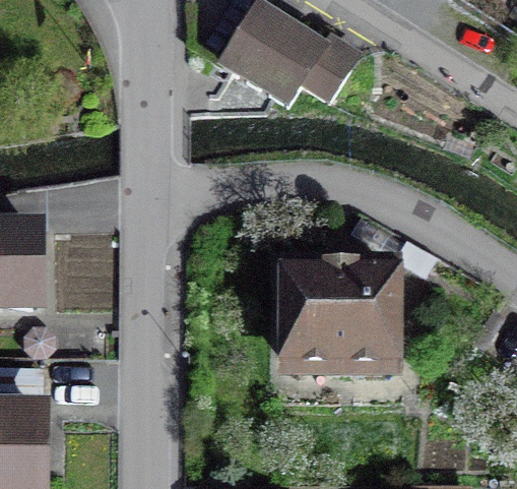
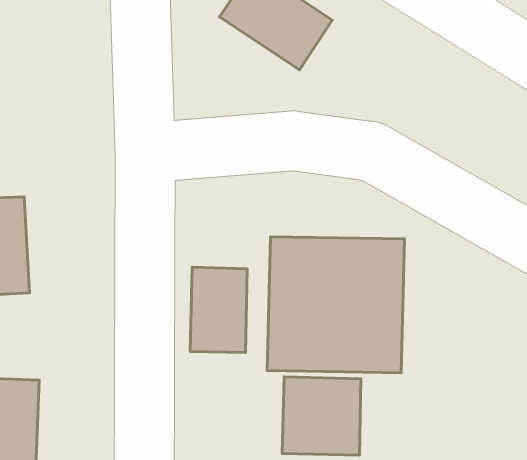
building: none -> [190,267,247,352]
building: none -> [282,377,361,455]

